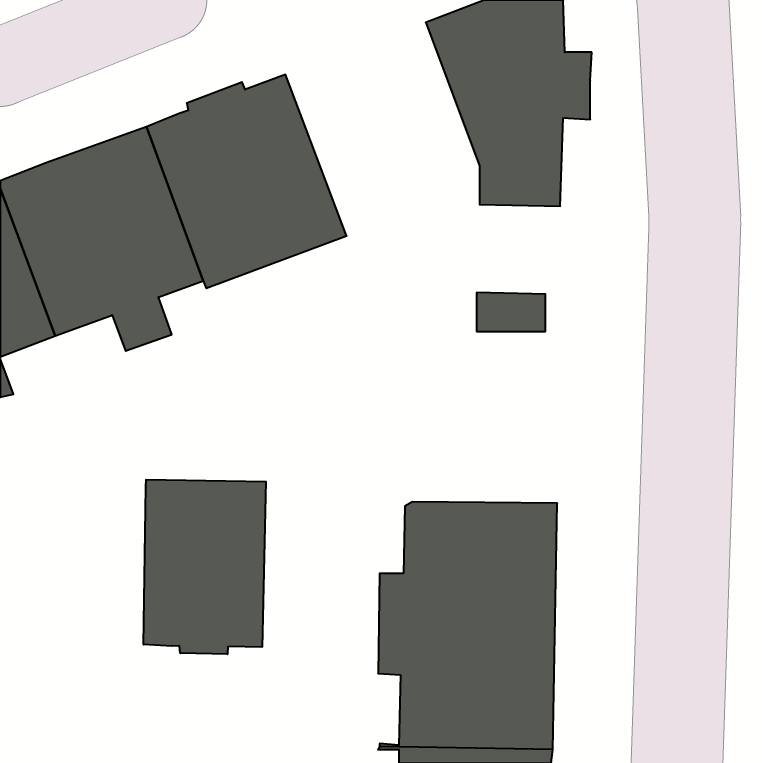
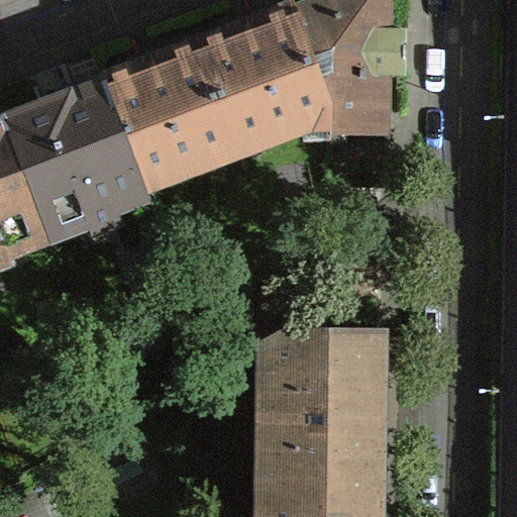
building: none -> [194,15,325,160]
building: [144,480,266,654] -> none

